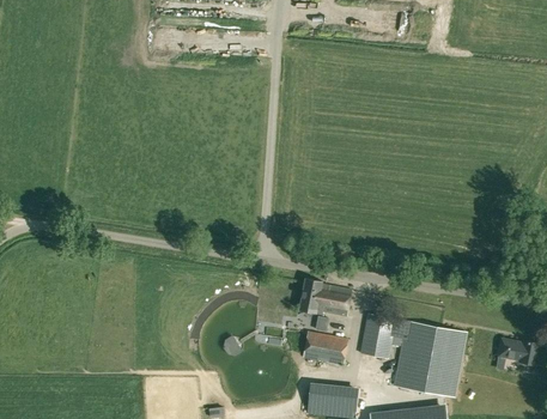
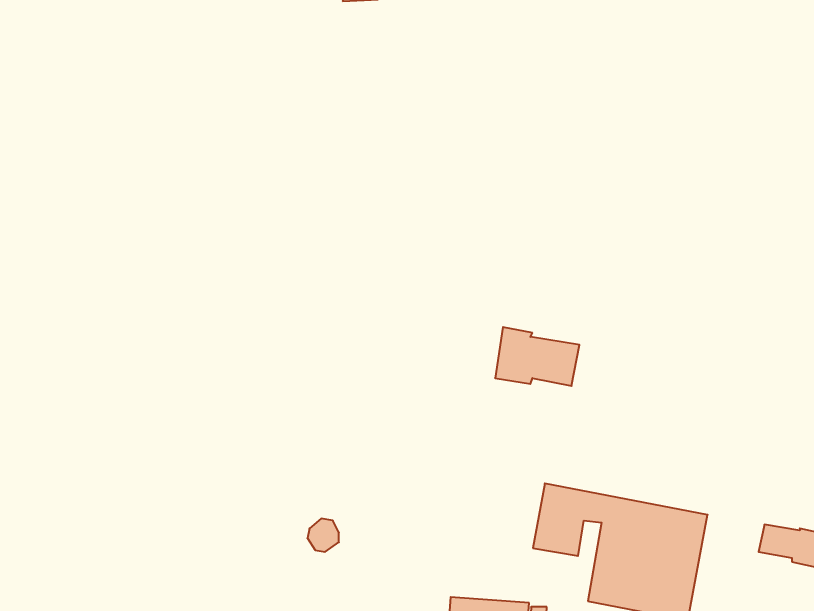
building: [299,279,351,315] -> [495,327,579,386]
building: [303,332,347,365] -> none

